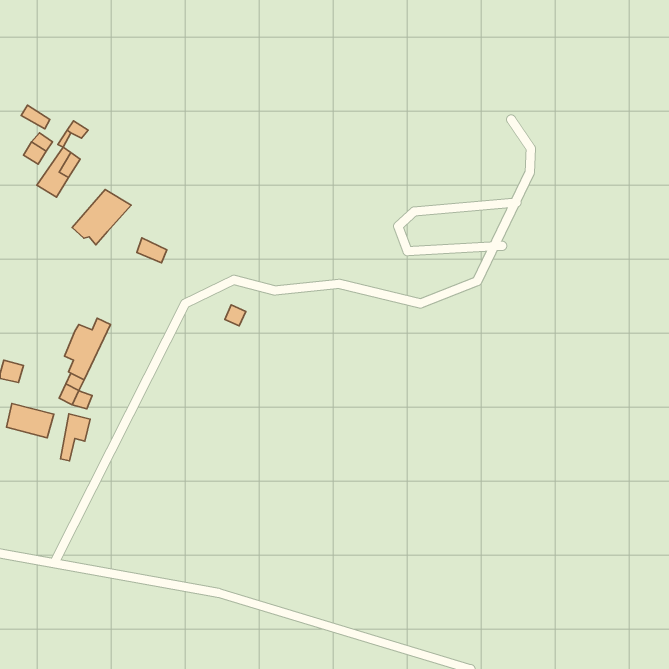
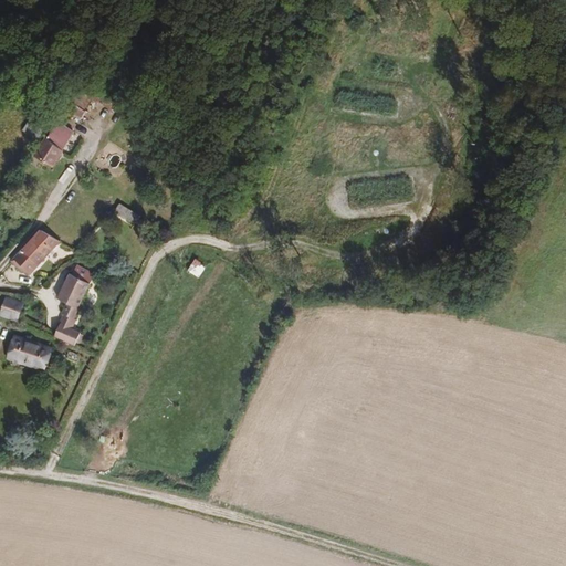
building: [72,190,131,245] -> [10,228,60,274]
building: [60,414,90,461] -> none

